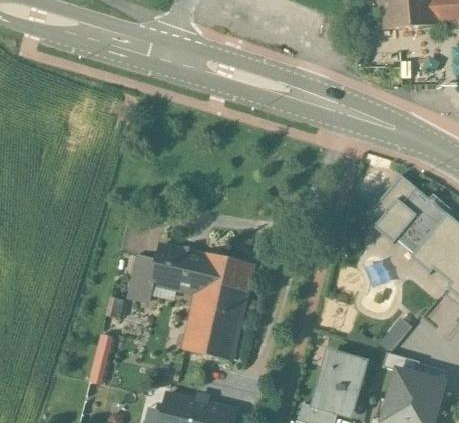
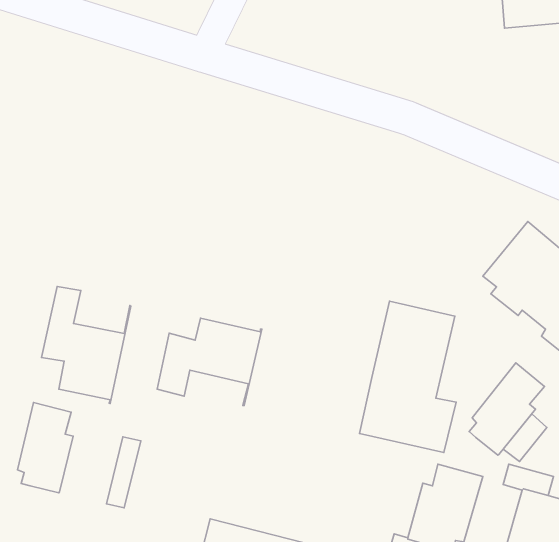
building: none -> [42,286,131,404]
building: [183,253,254,364] -> [359,301,456,453]
building: none -> [469,363,544,455]
building: none -> [18,403,73,493]

